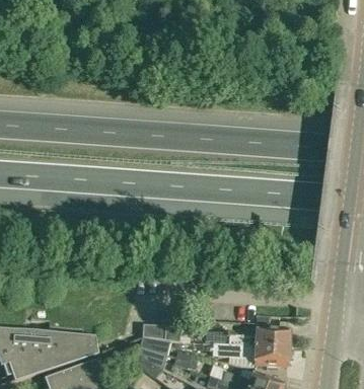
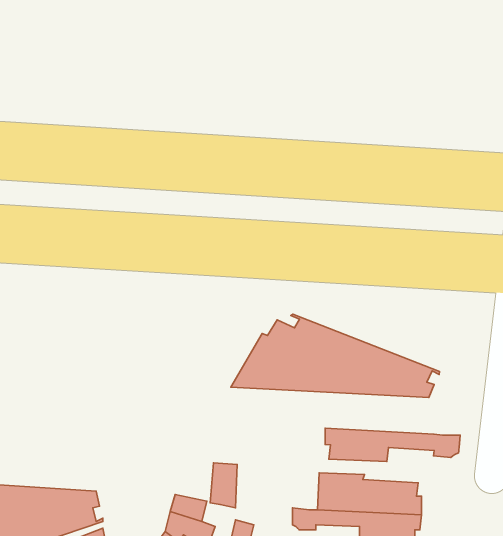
building: none -> [231,314,440,397]
building: none -> [325,428,460,462]

